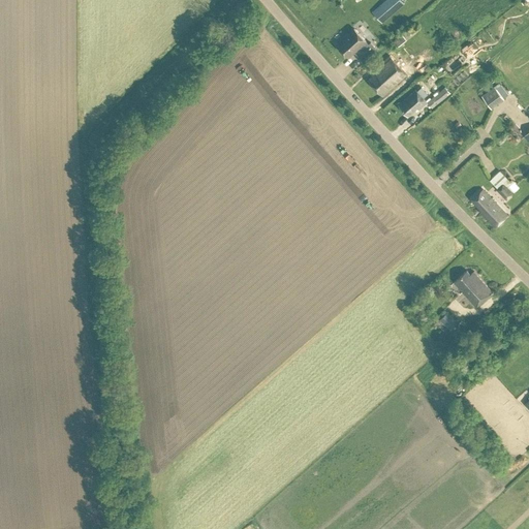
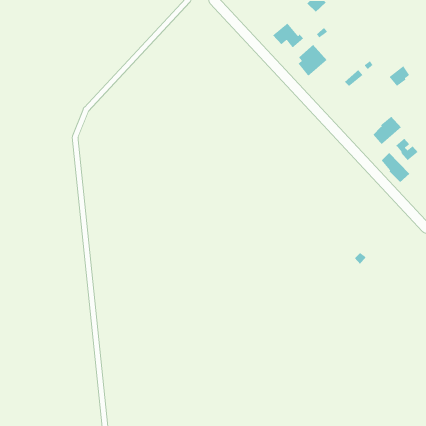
building: [397,88,427,117] -> none
building: none -> [373,116,402,145]
building: [452,271,492,308] -> none

